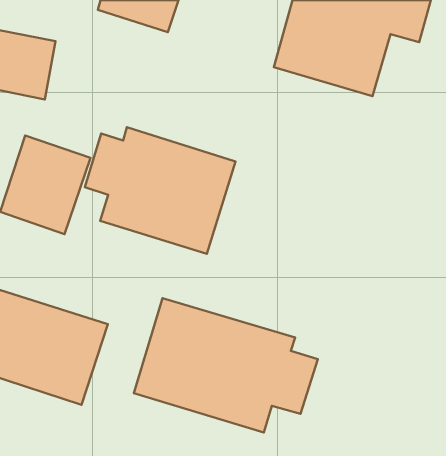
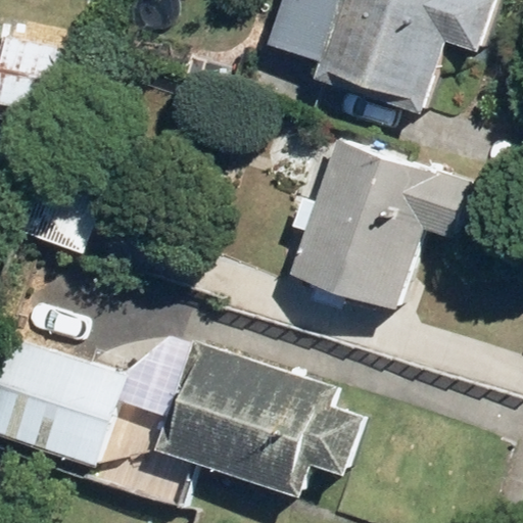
building: none -> [288,138,472,308]
building: [85,127,236,254] -> none

